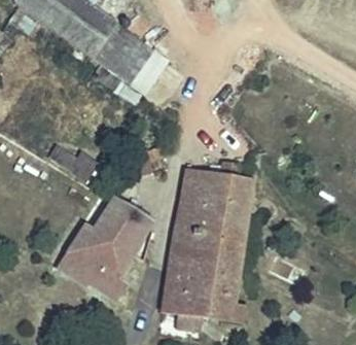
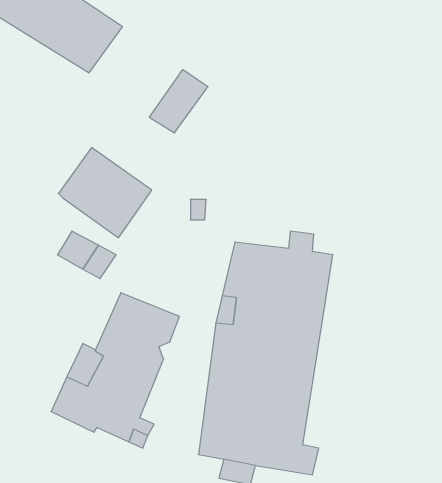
building: [92,26,152,84] -> [58,148,152,238]

